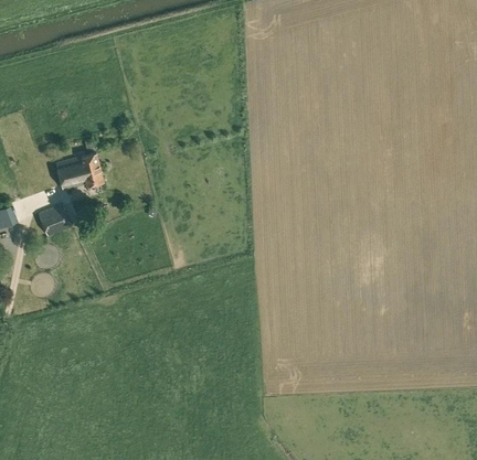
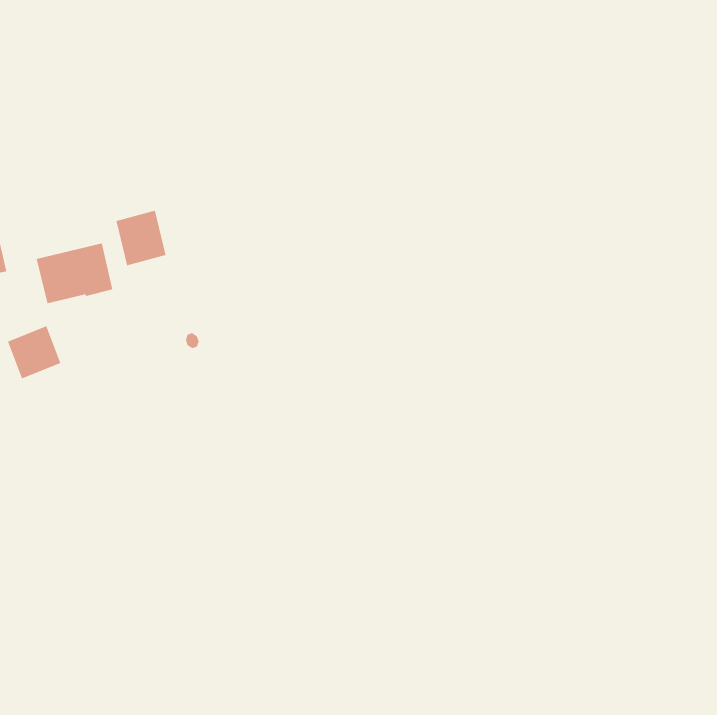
building: none -> [116,210,166,266]

